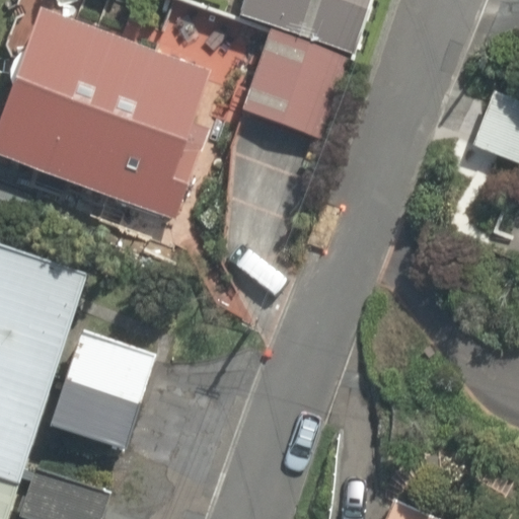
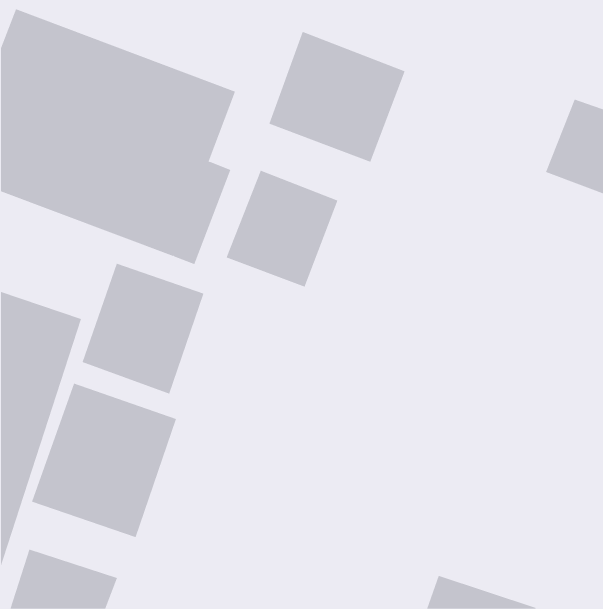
building: none -> [226,170,338,288]
building: none -> [82,263,204,394]

